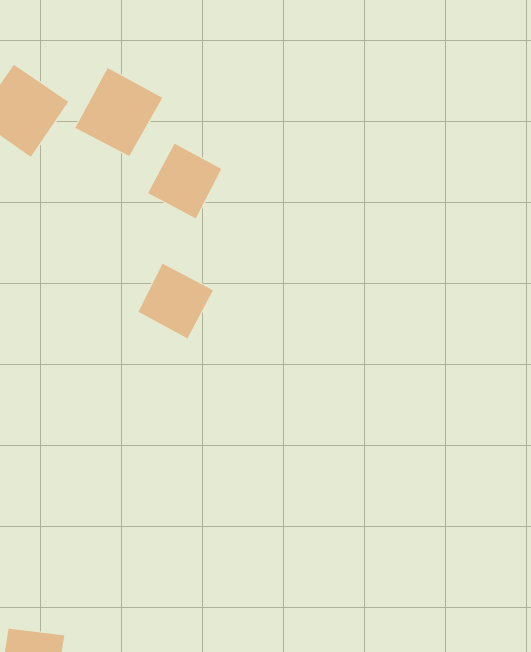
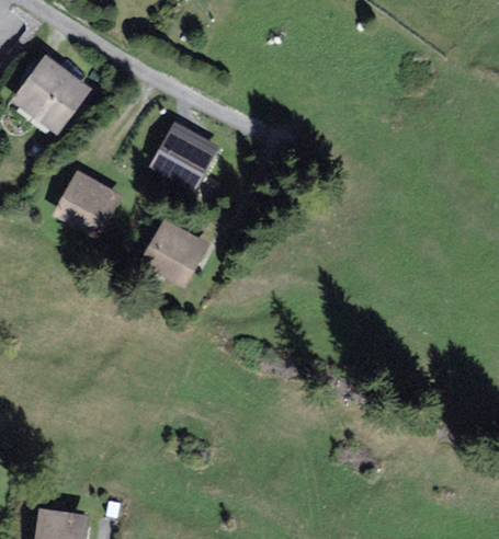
building: [75,67,163,157] -> none
building: none -> [58,173,118,232]

